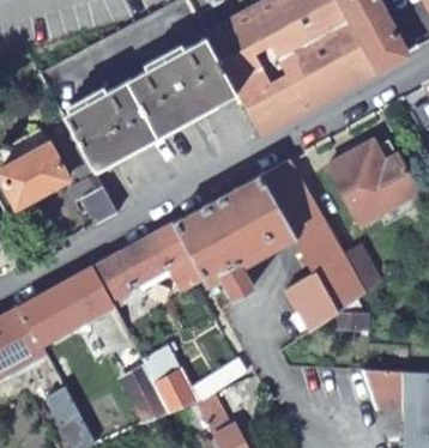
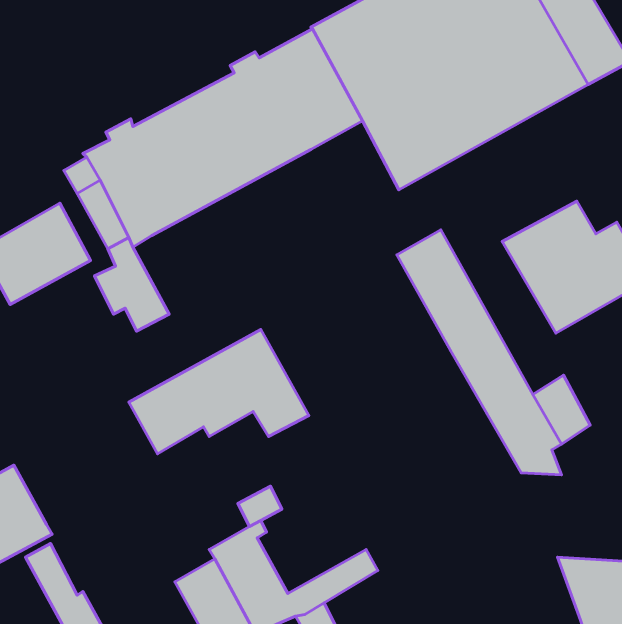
building: [175,176,294,303] -> none
building: [20,268,113,345] -> none
building: [271,276,338,353] -> none

